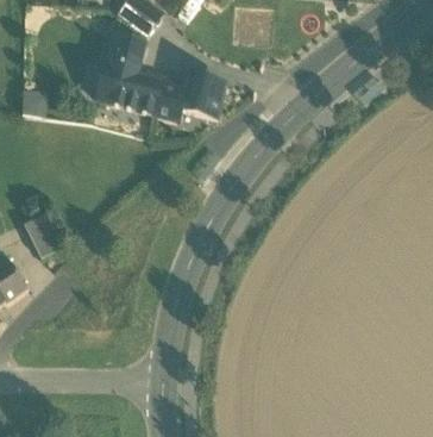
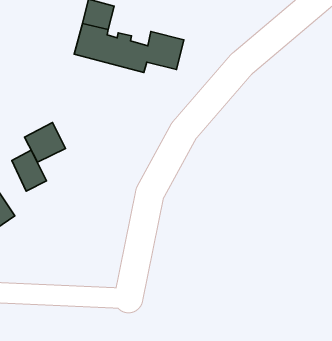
building: none -> [25,122,66,162]

